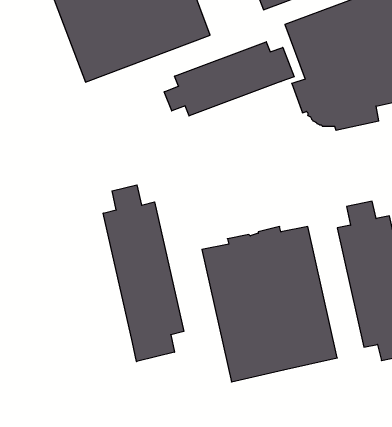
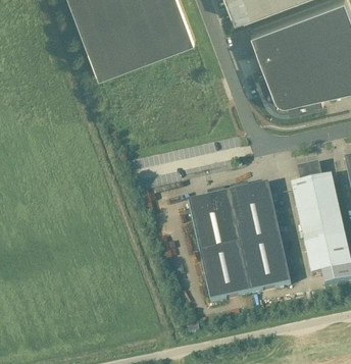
building: [164,42,294,116] -> none
building: [103,185,184,362] -> none

